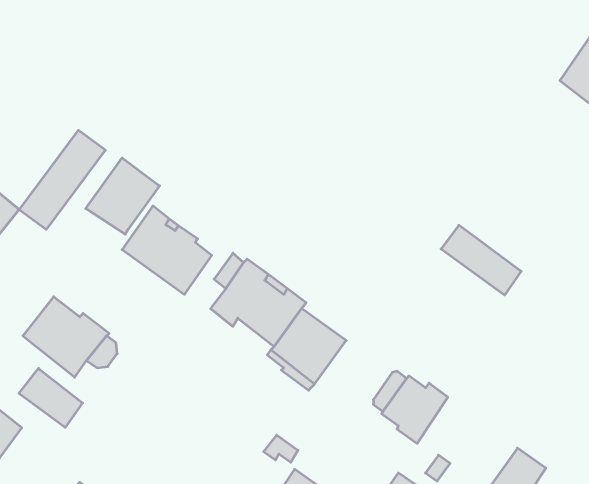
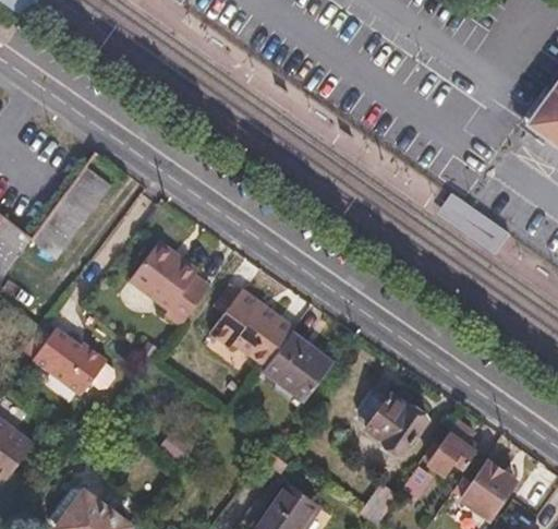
building: [86,158,160,234] -> none
building: [441,225,521,295] -> [437,194,511,259]
building: [19,368,83,427] -> none
building: none -> [423,422,478,477]

